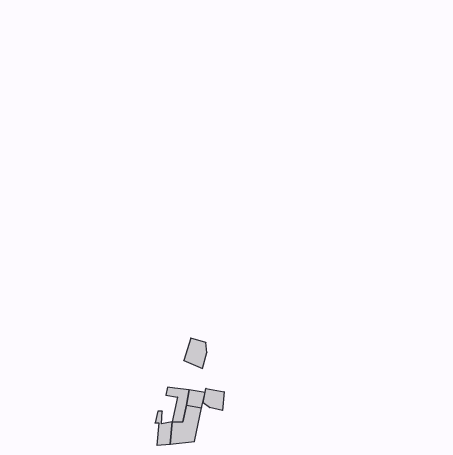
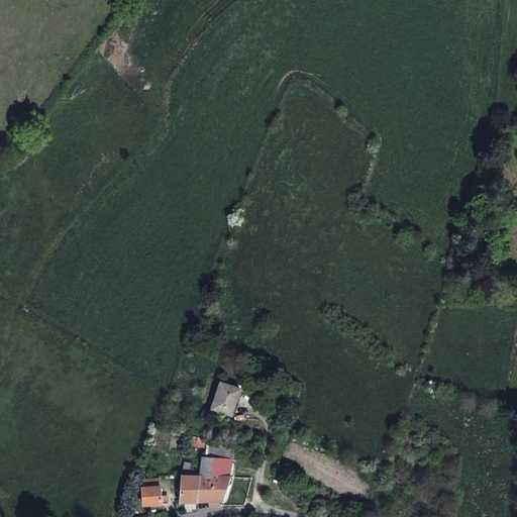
building: [203,388,224,410] -> none
building: none -> [141,481,167,509]

